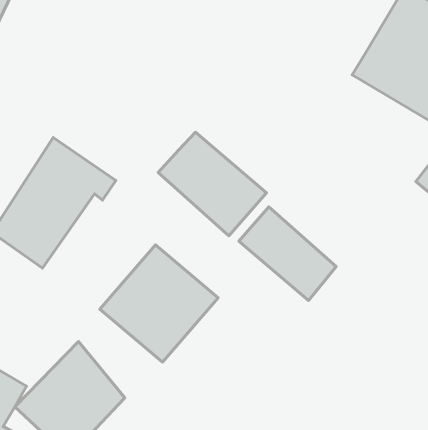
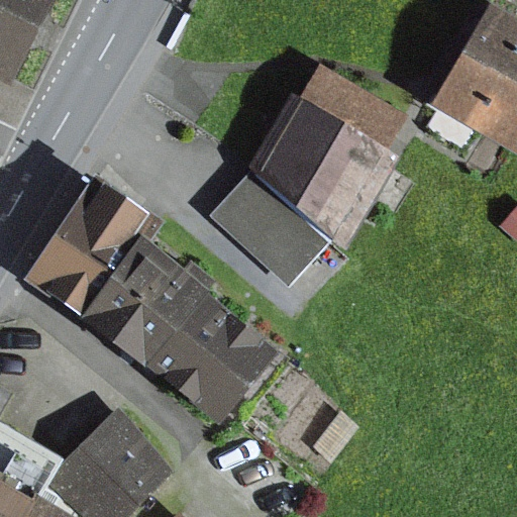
building: none -> [248,64,408,249]
building: none -> [80,238,215,371]
building: [239,207,336,301] -> none

